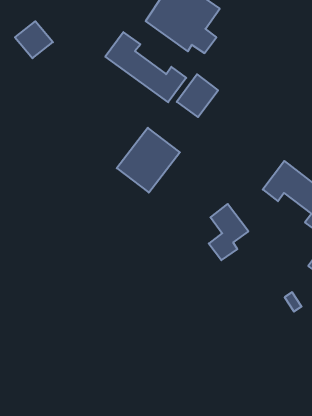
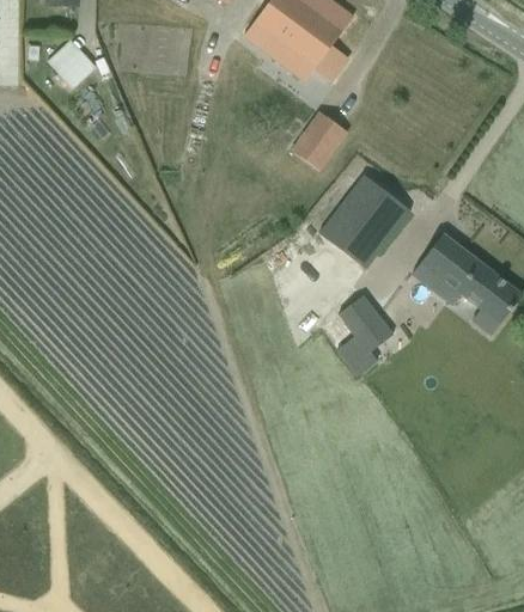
building: [105,32,186,102] -> none
building: [117,128,180,193] -> [319,176,409,268]

